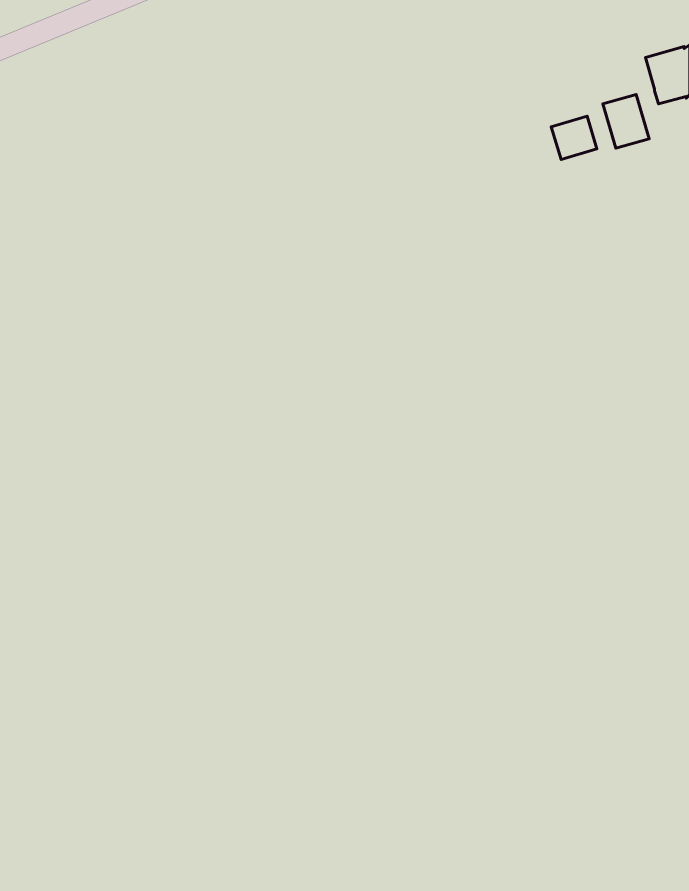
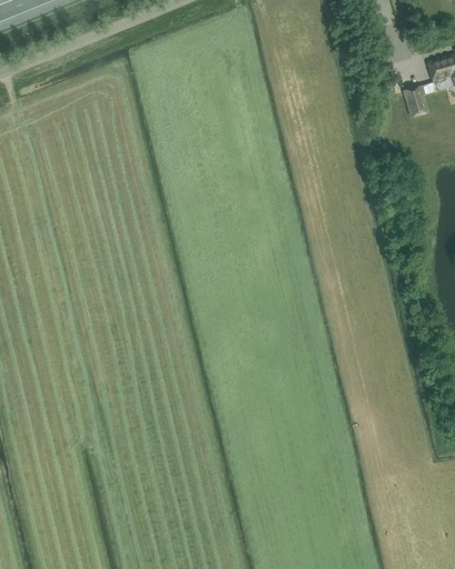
building: [551,116,597,159] -> none

